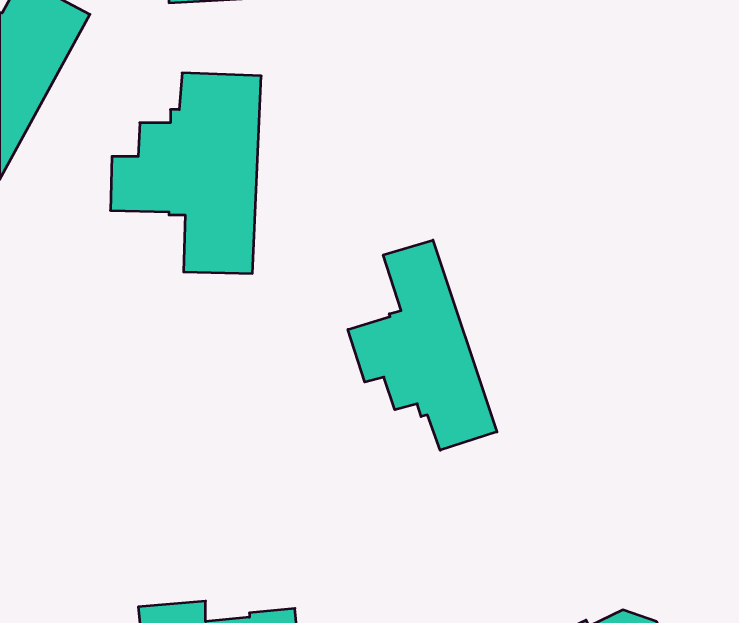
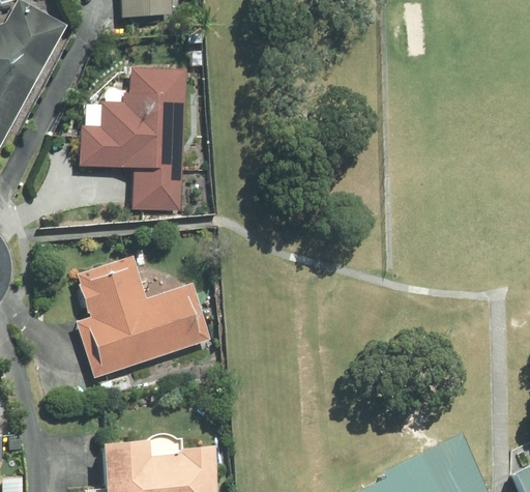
building: [348,240,497,450] -> none
building: none -> [75,256,210,378]

